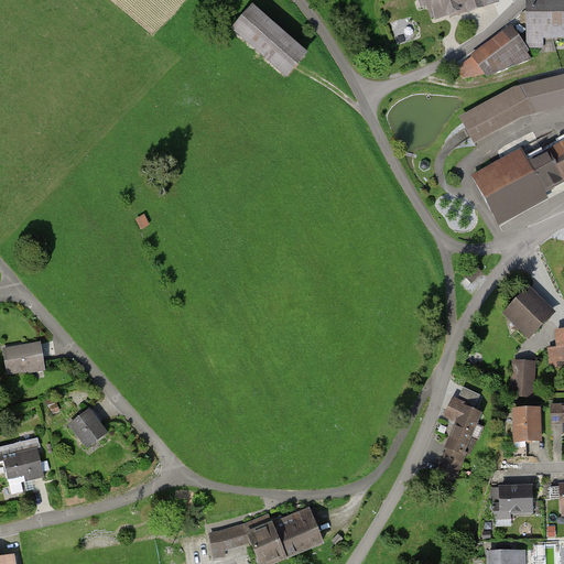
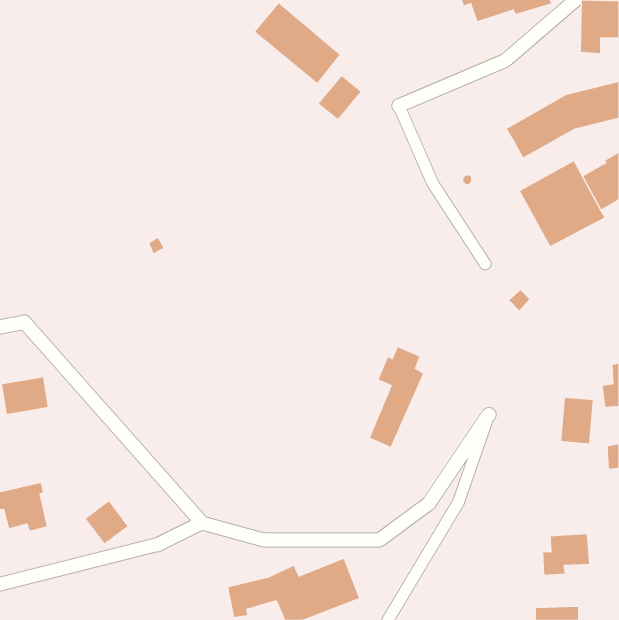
building: [455,25,532,82] -> none
building: none -> [318,75,362,120]
building: [502,286,556,339] -> none
building: [436,388,486,479] -> [369,347,424,448]
building: [511,405,542,443] -> none
building: [67,409,107,448] -> [85,500,129,544]

